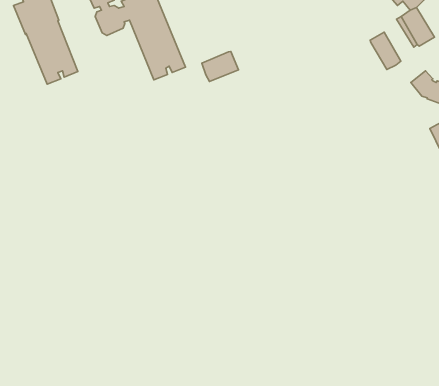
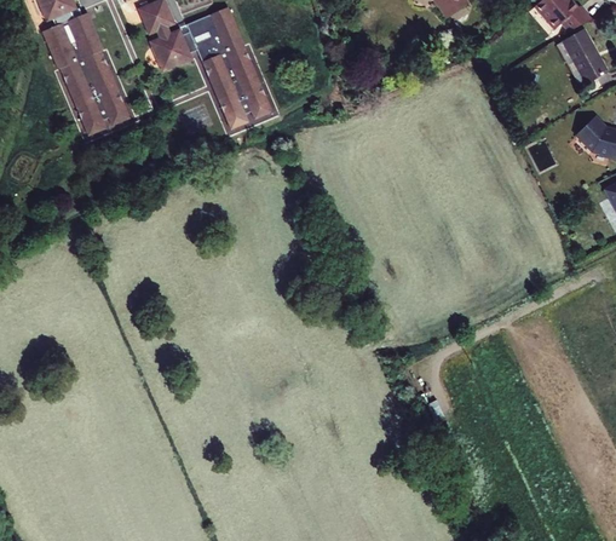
building: [370,32,401,70] -> none
building: [202,52,238,81] -> none

